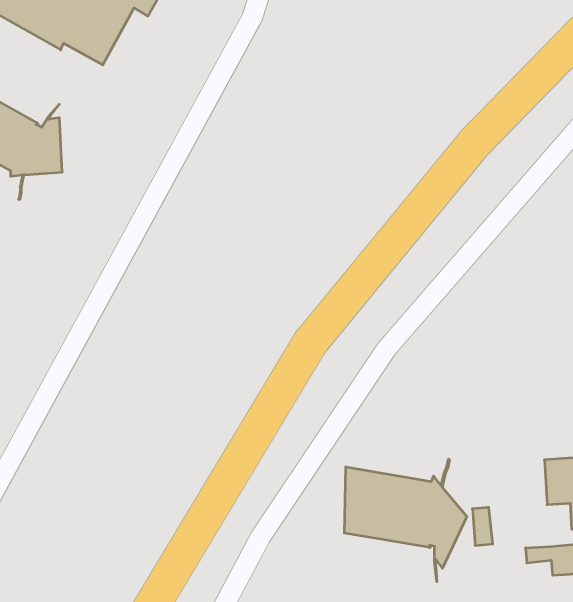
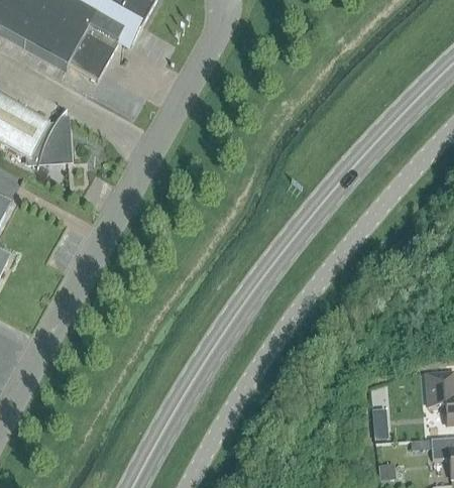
building: [344,459,467,582] -> none

